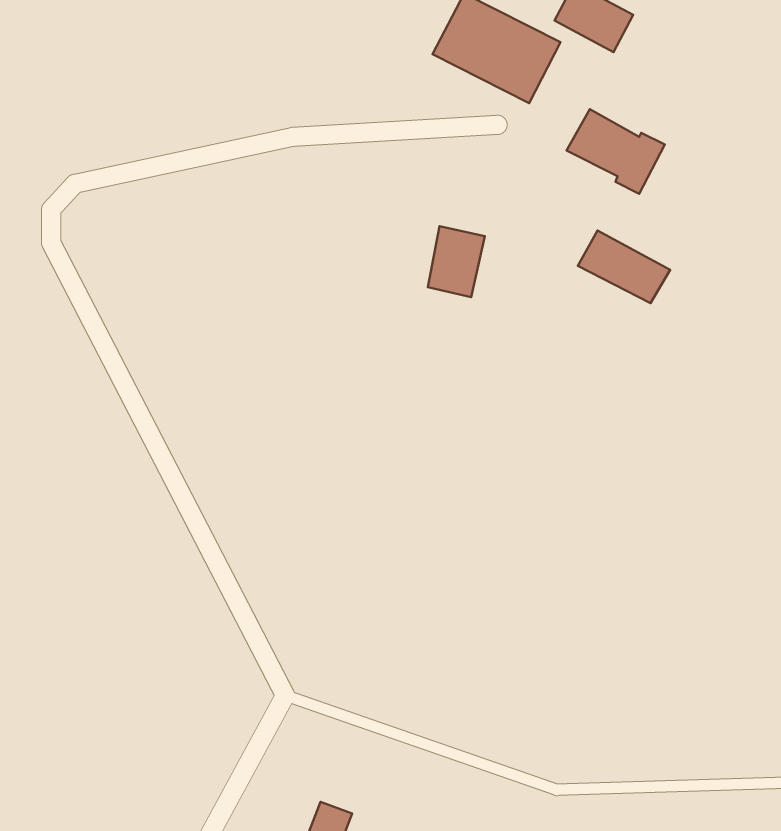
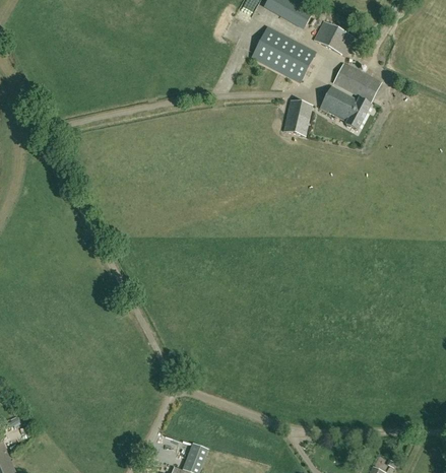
building: [428,226,485,297] -> [282,98,312,135]
building: [578,230,670,303] -> [332,63,380,100]

